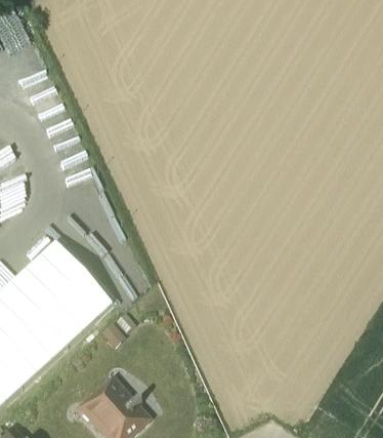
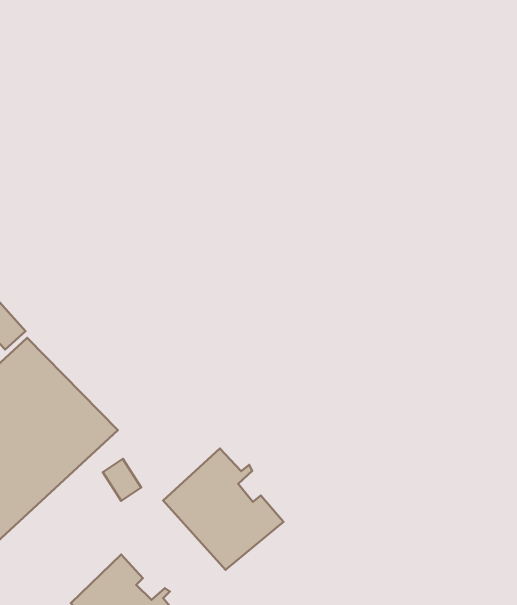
building: none -> [163,449,283,570]

